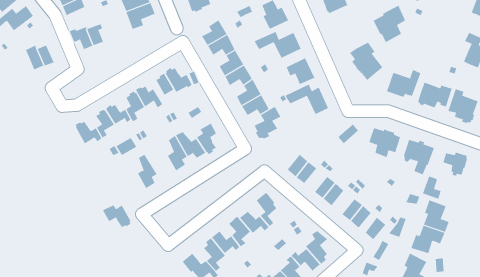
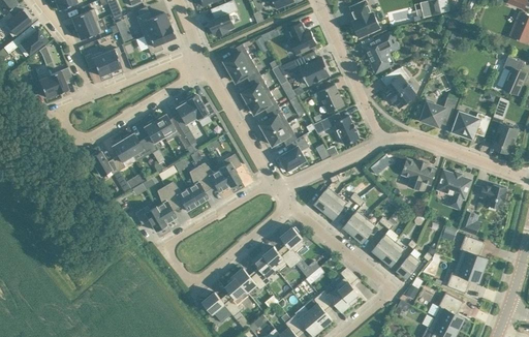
building: [373,5,406,43] -> [364,31,399,71]
building: none -> [163,181,196,211]
building: [102,204,132,228] -> [133,206,165,231]

